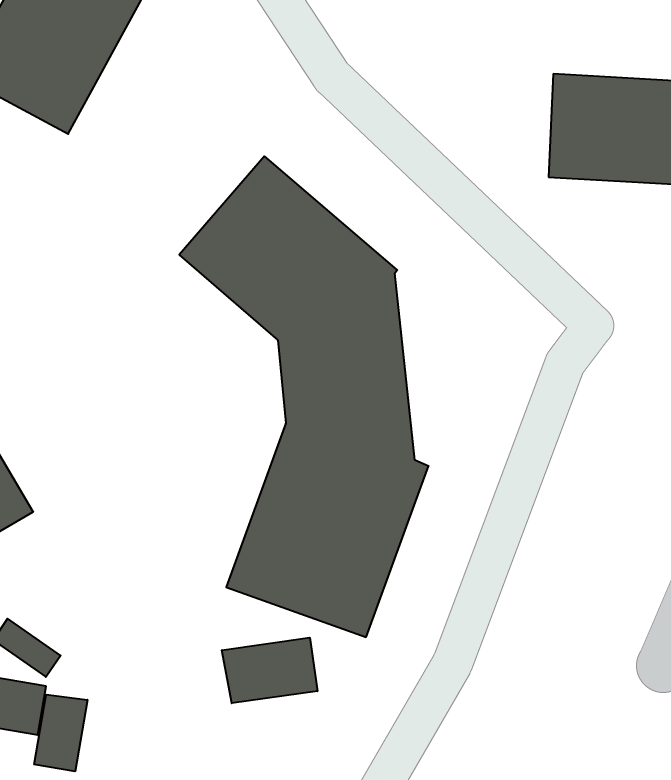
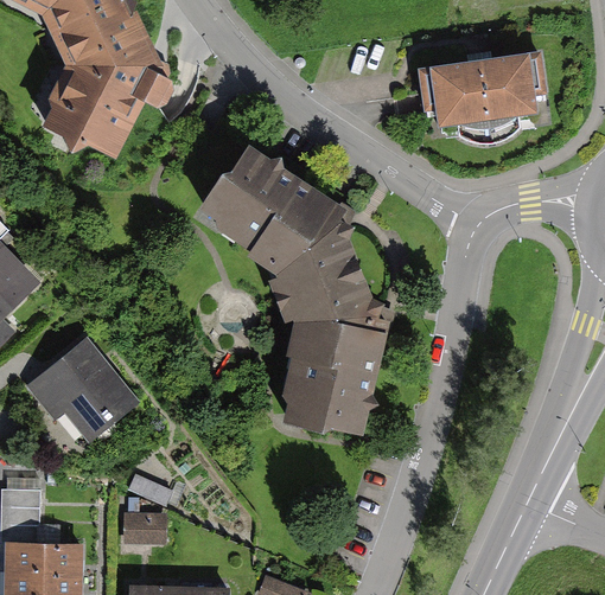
building: [222,638,317,703] -> none
building: [34,695,87,771] -> none

